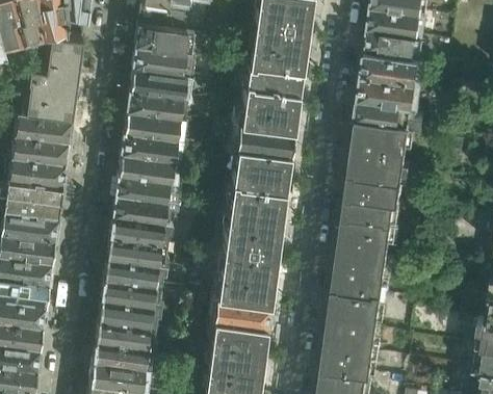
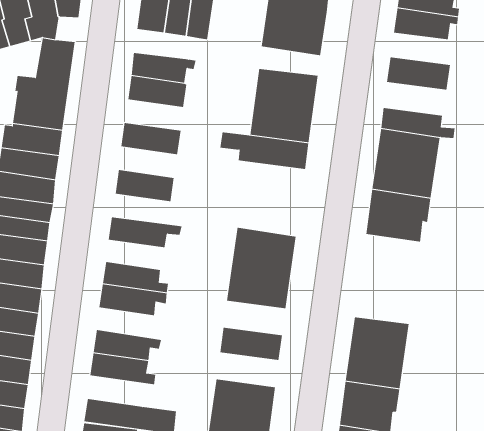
building: [134,29,193,56] -> none
building: [366,32,423,62] -> none
building: [248,45,304,71] -> none
building: [360,77,418,107] -> none
building: [126,93,180,121] -> none
building: [121,135,175,163] -> none
building: [219,149,290,216] -> none
building: [114,178,180,207] -> none
building: [334,214,394,295] -> none
building: [109,219,171,246] -> none
building: [215,274,273,306] -> none
building: [101,281,161,310] -> none
building: [209,321,266,352] -> none
building: [93,342,154,370] -> none

